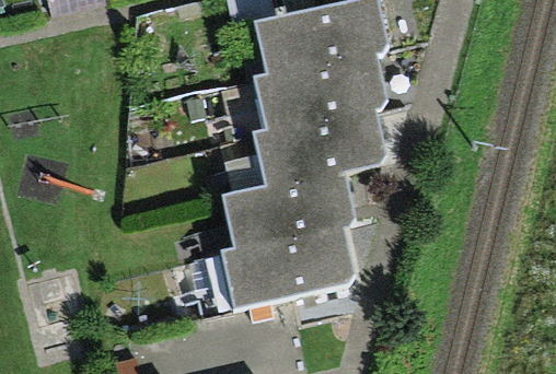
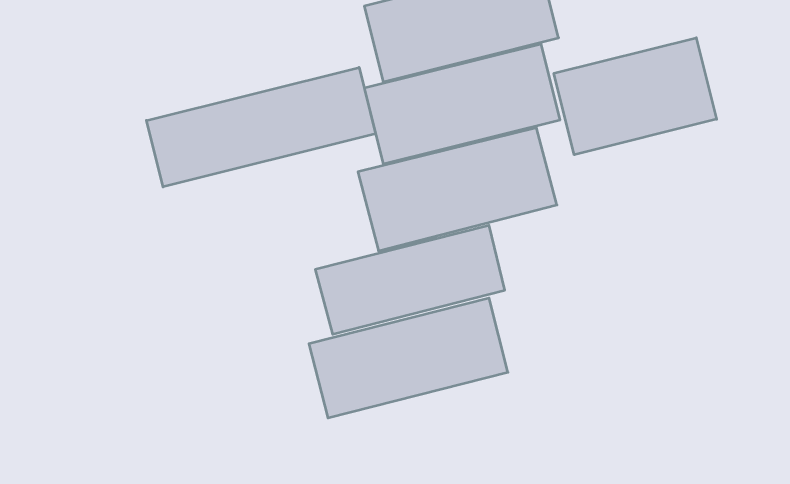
building: none -> [554,38,717,155]
building: none -> [146,67,376,187]

